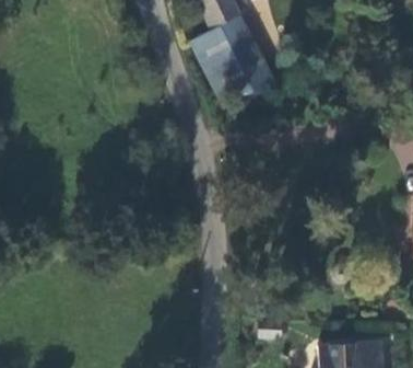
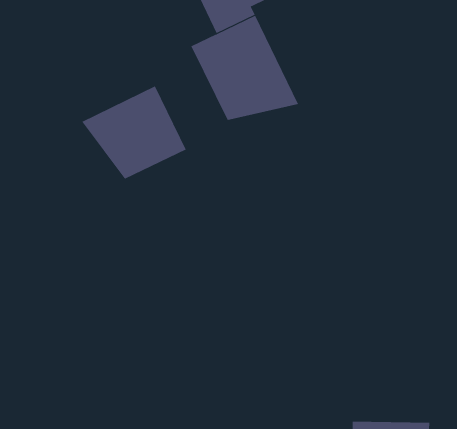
building: none -> [81,86,187,179]

